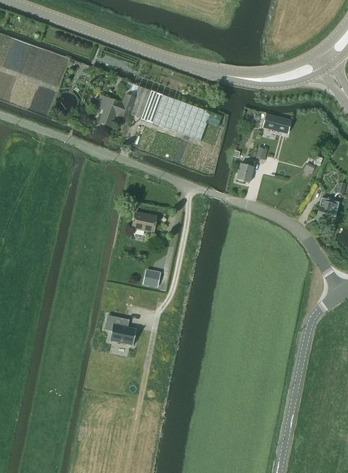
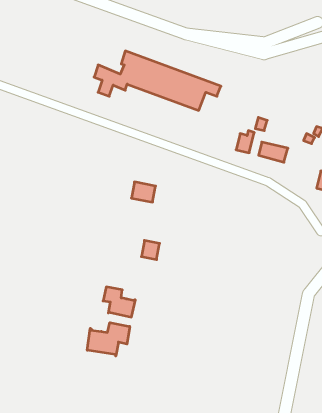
building: [263,114,292,134] -> [259,142,288,162]
building: none -> [87,323,130,356]

